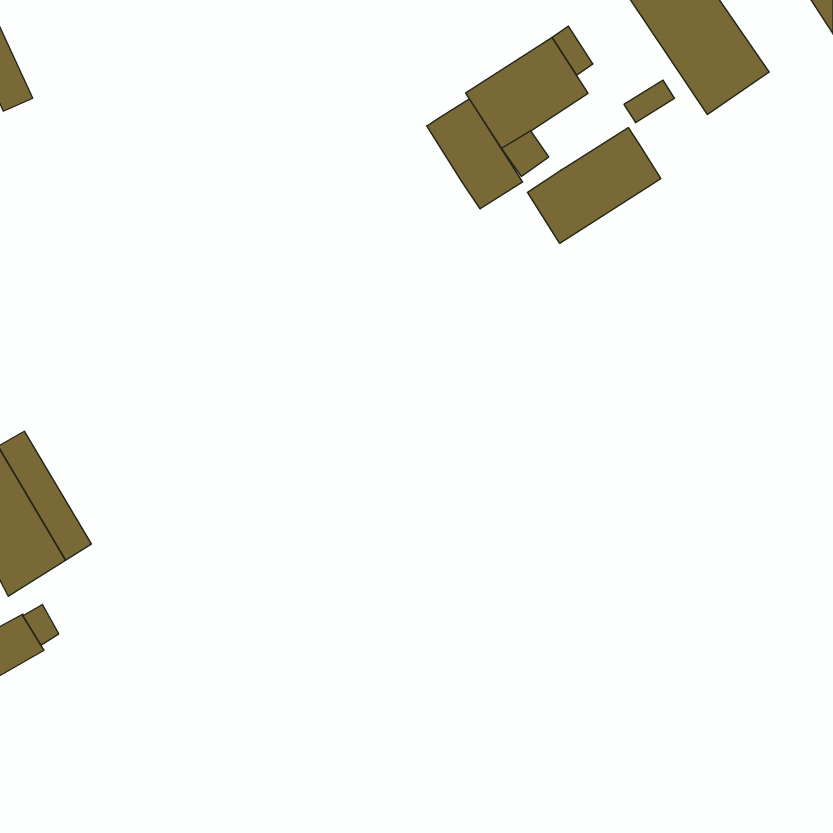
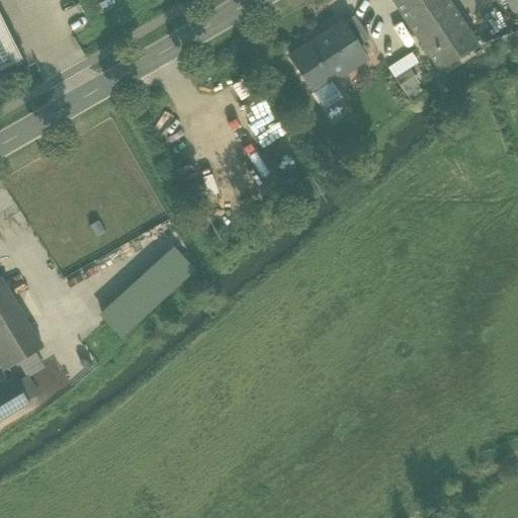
building: [427,99,523,209] -> none
building: [527,128,661,243] -> none
building: none -> [100,244,196,337]

